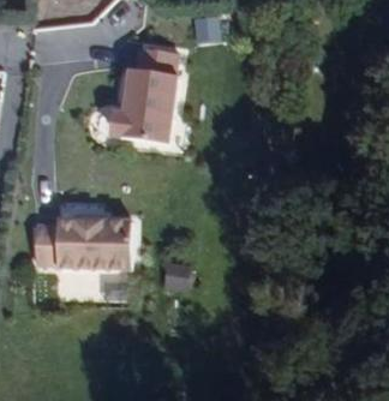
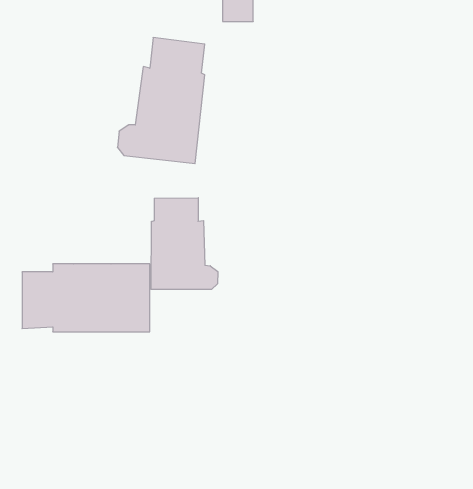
building: none -> [151,198,218,289]

